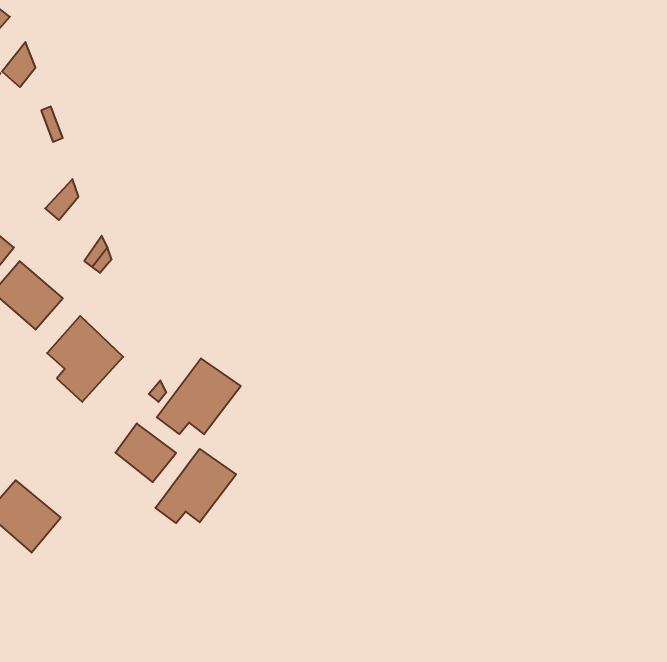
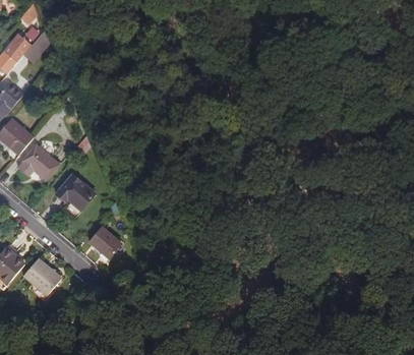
building: [157,358,241,434] -> none
building: [155,449,236,523] -> none

